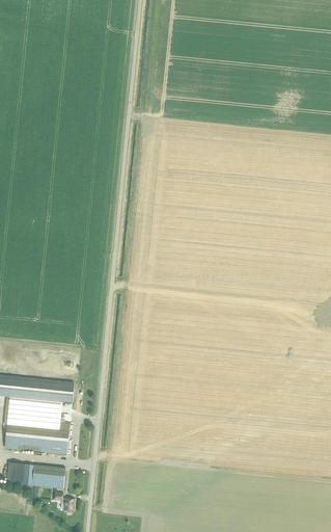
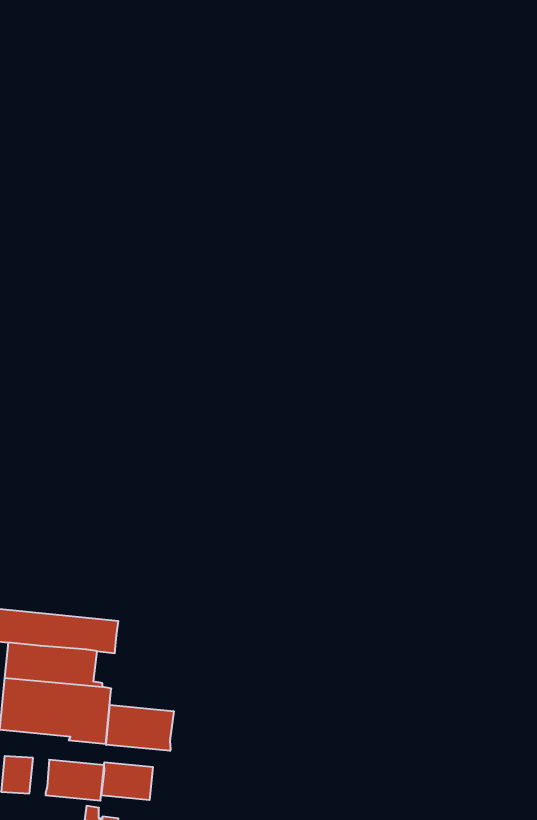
building: none -> [106,705,174,751]
building: none -> [101,762,153,800]

